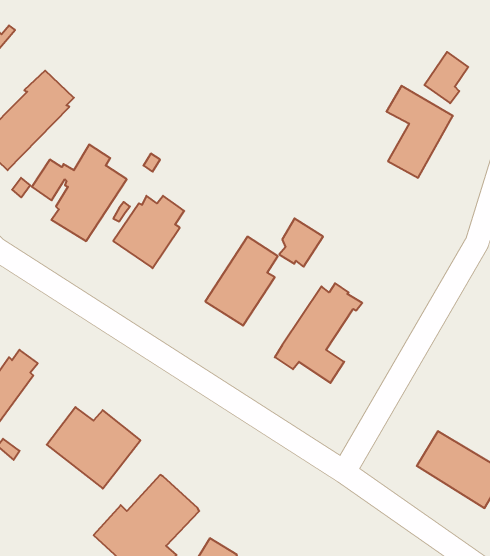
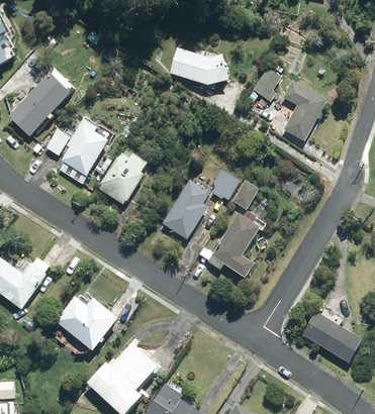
building: none -> [168,48,227,86]
building: [424,52,468,103] -> [252,67,281,101]
building: none -> [231,182,259,210]

